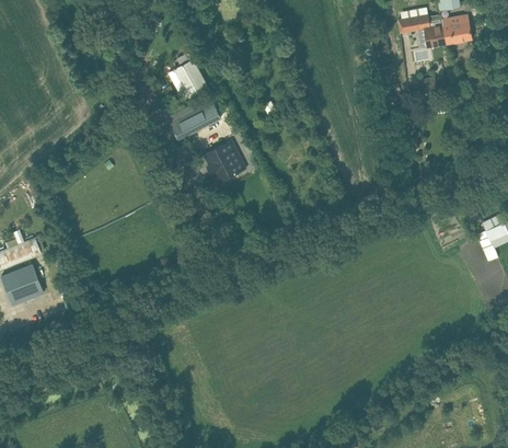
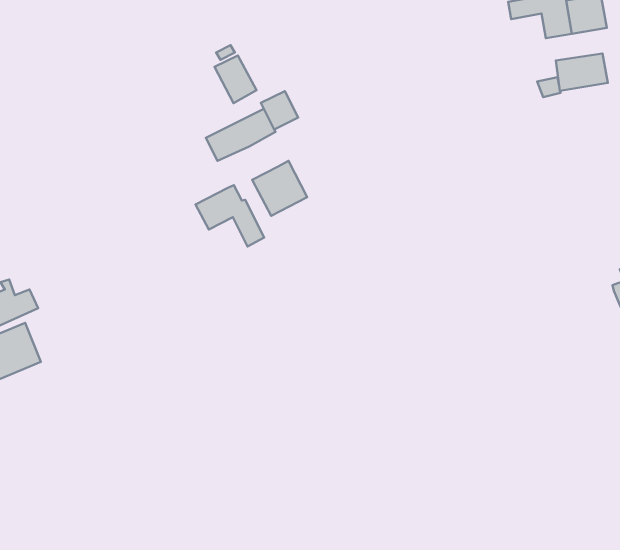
building: none -> [556,54,608,91]
building: none -> [261,91,298,129]
building: none -> [196,185,264,247]

